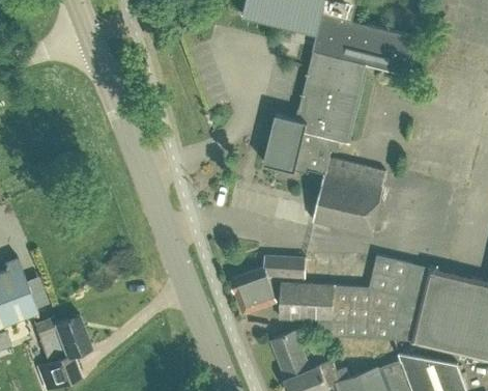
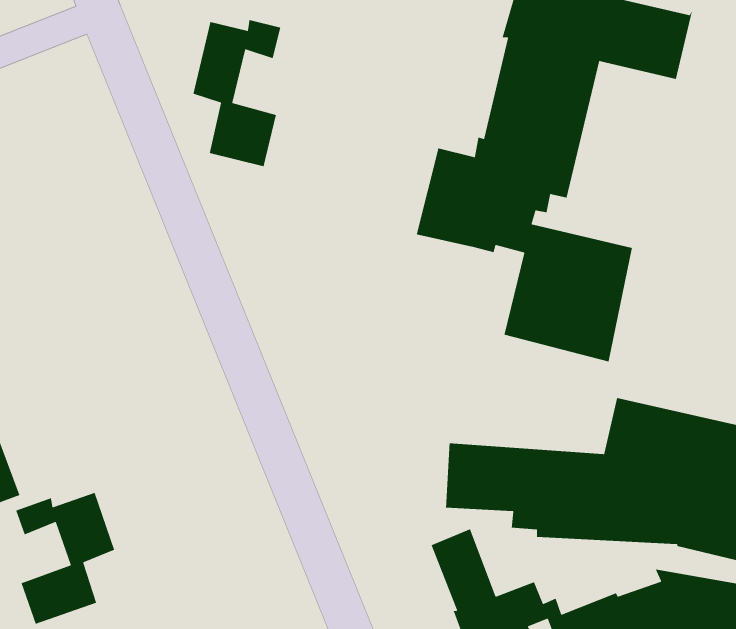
building: none -> [192,19,281,167]
building: [230,256,304,312] -> none

